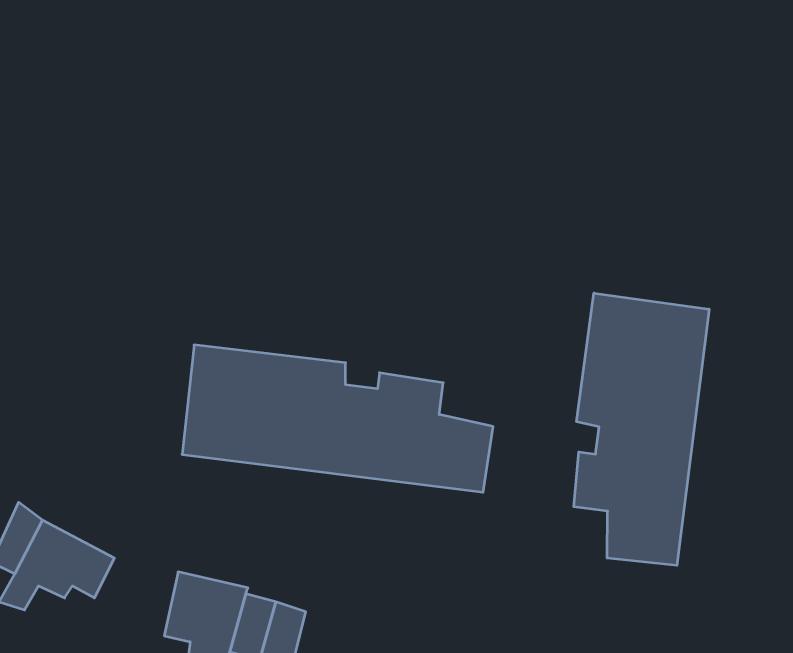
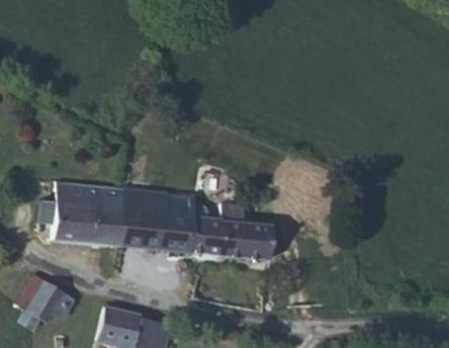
building: [574,293,709,565] -> none
building: none -> [38,181,117,245]

